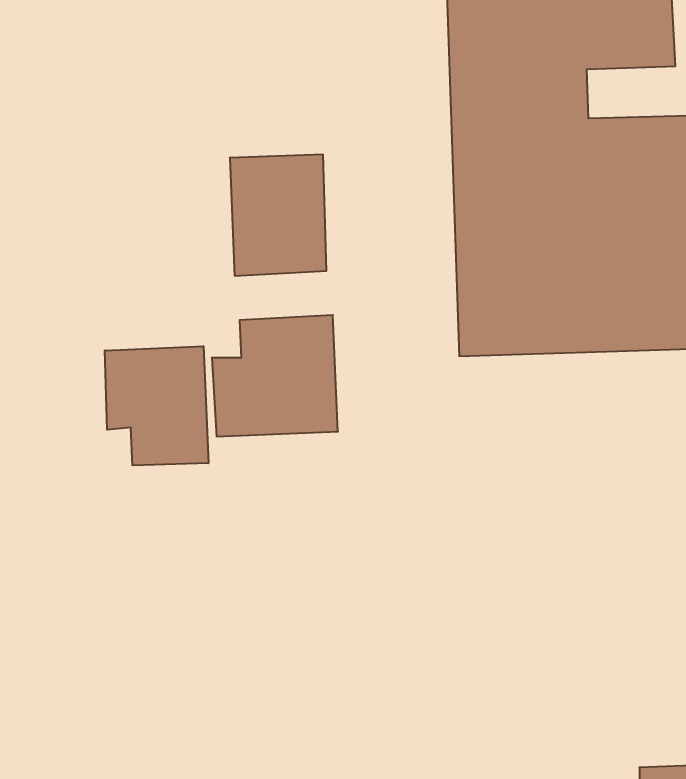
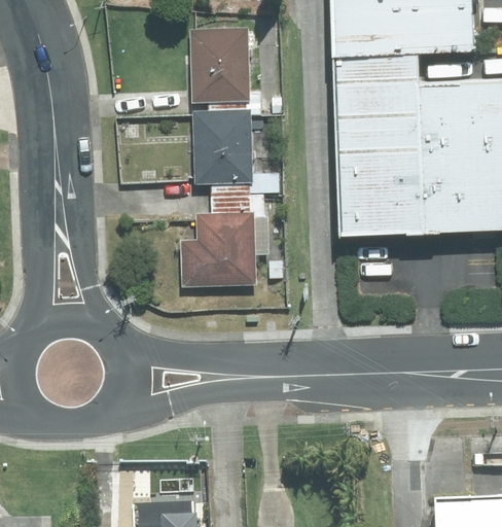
building: none -> [190,26,254,101]
building: [105,346,208,465] -> none

